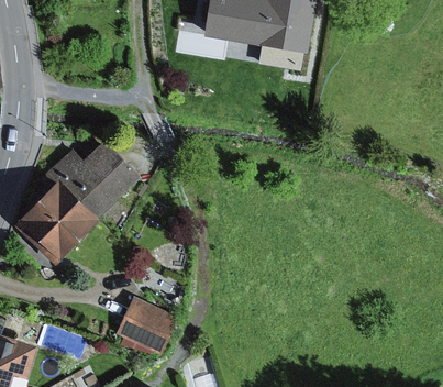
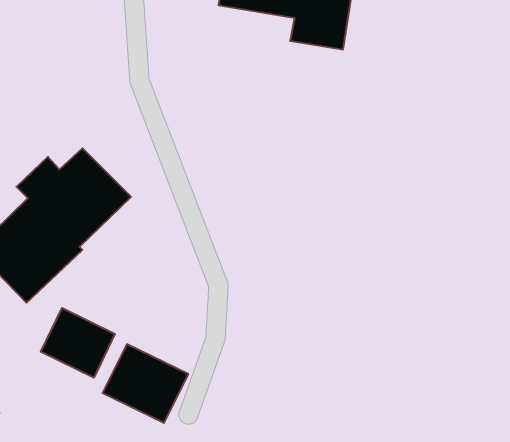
building: none -> [41,308,115,378]

